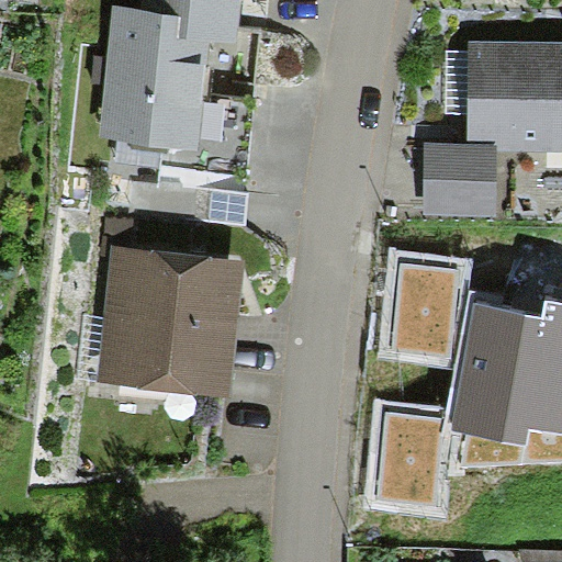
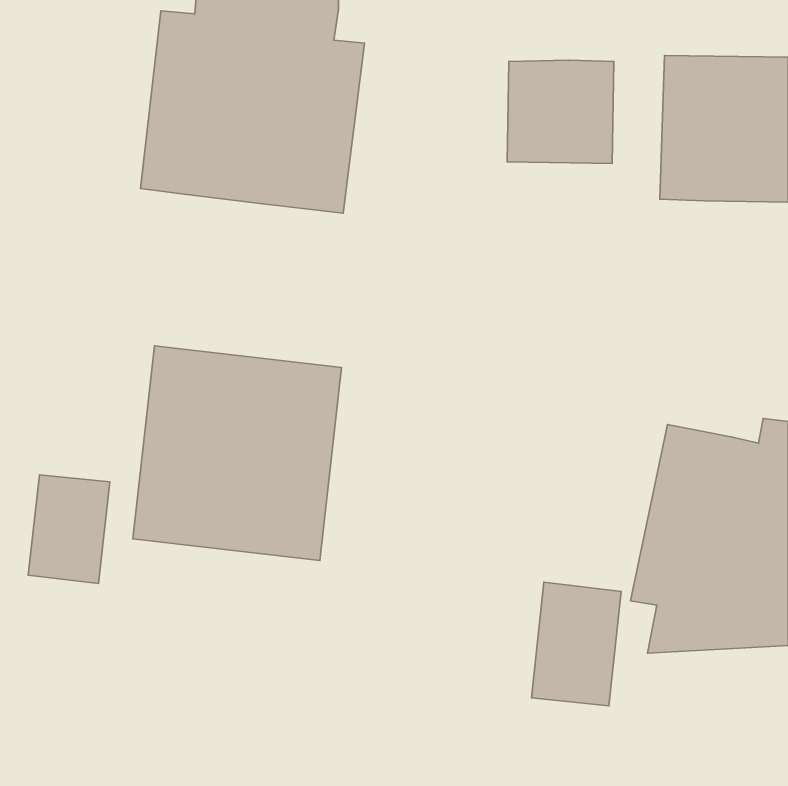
building: [425,142,501,215] -> [507,60,614,164]
building: [393,266,457,352] -> none
building: none -> [28,475,110,583]

